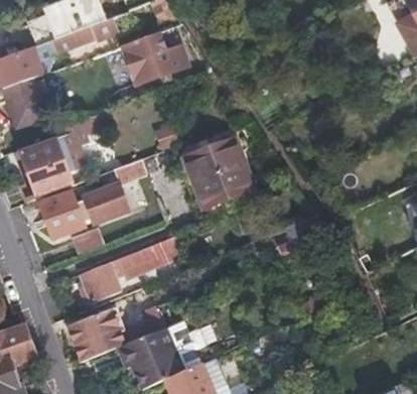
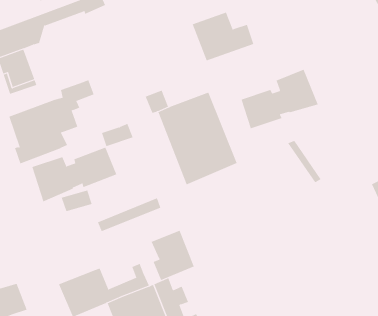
building: [121,33,186,86] -> [192,12,254,61]
building: none -> [241,69,319,129]
building: [81,262,121,302] -> none
building: none -> [151,230,195,281]

